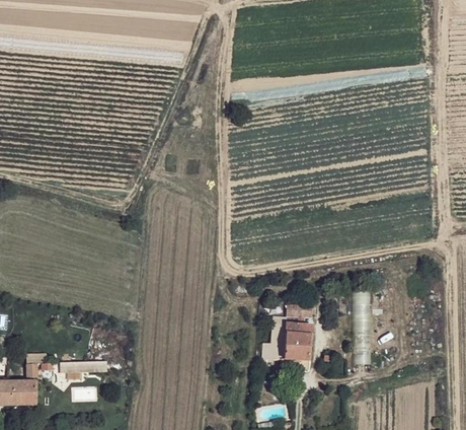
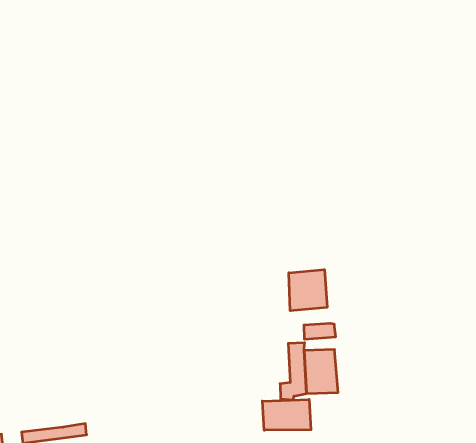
building: none -> [289,270,327,311]
building: none -> [262,399,311,430]

